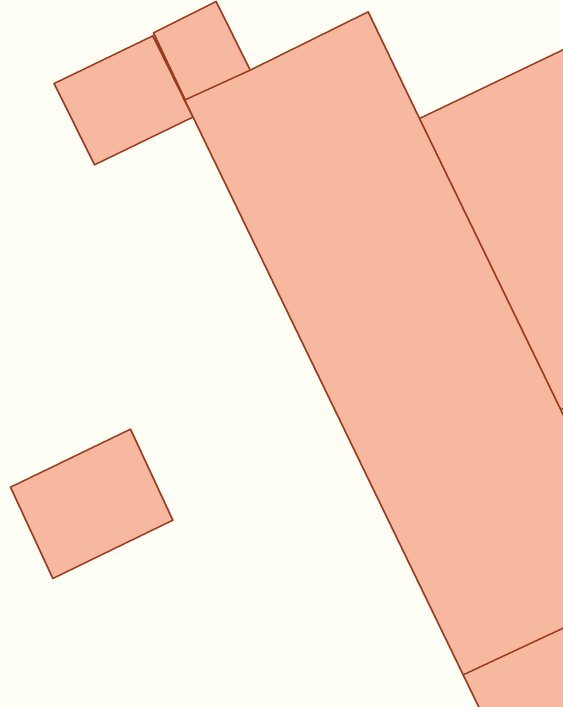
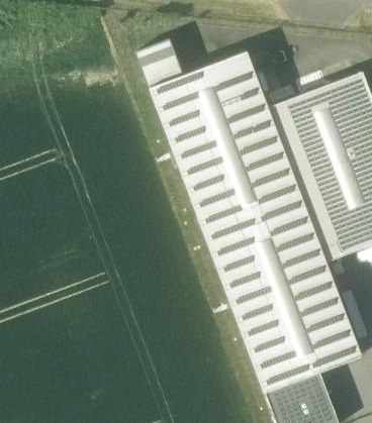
building: [54,36,193,165] -> none
building: [10,429,173,578] -> none

